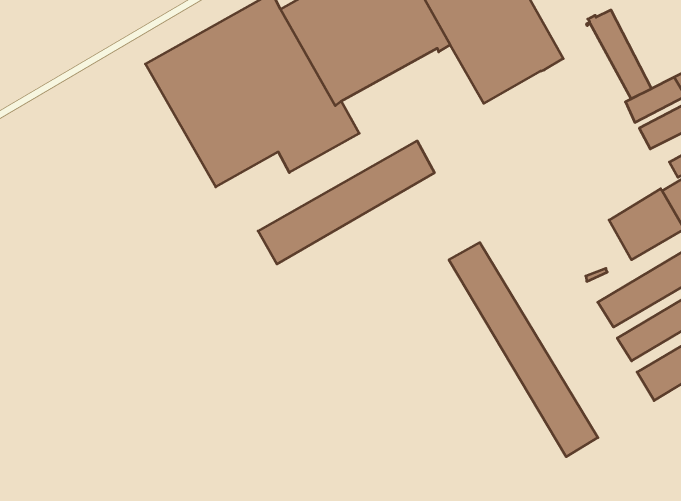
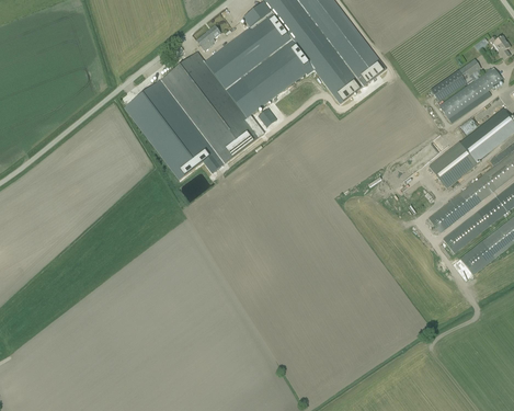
building: [587,10,652,99] -> none
building: [258,141,434,264] -> none
building: [449,243,598,457] -> none

